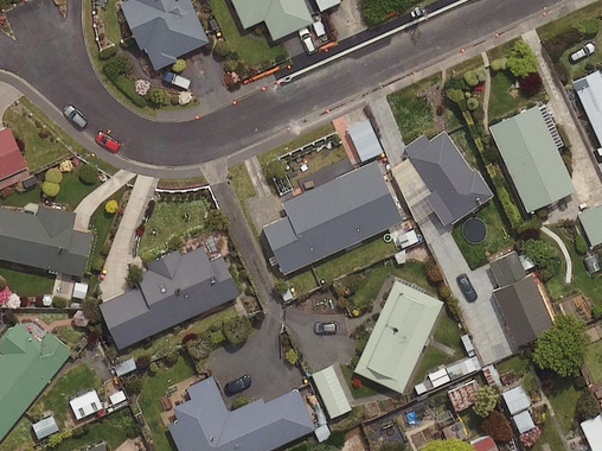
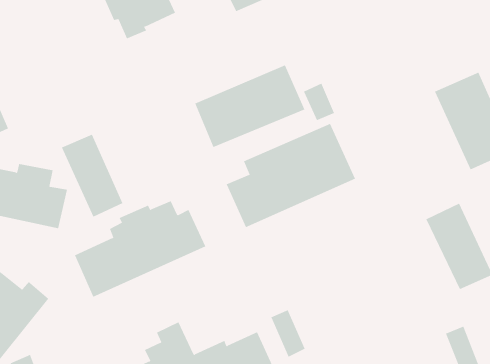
building: none -> [194,64,305,148]
building: [405,132,494,224] -> none
building: none -> [61,134,123,218]
building: [353,281,443,394] -> none

